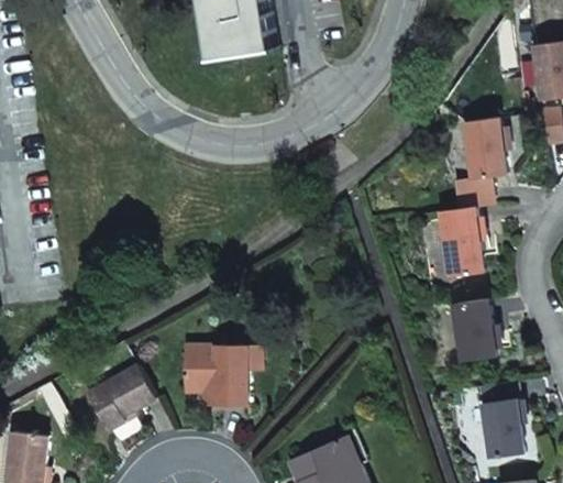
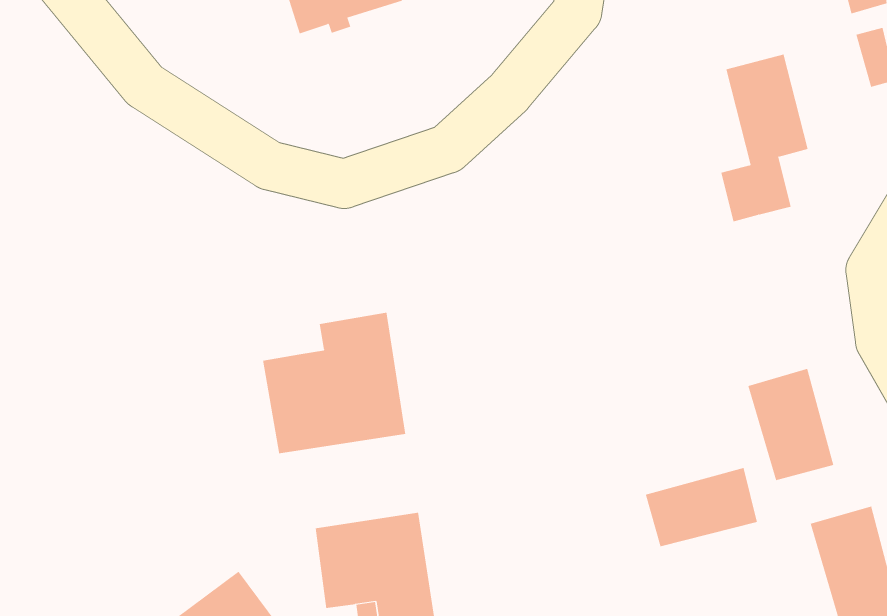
building: [435,201,479,271] -> none
building: none -> [263,312,406,454]
building: none -> [645,467,758,547]

